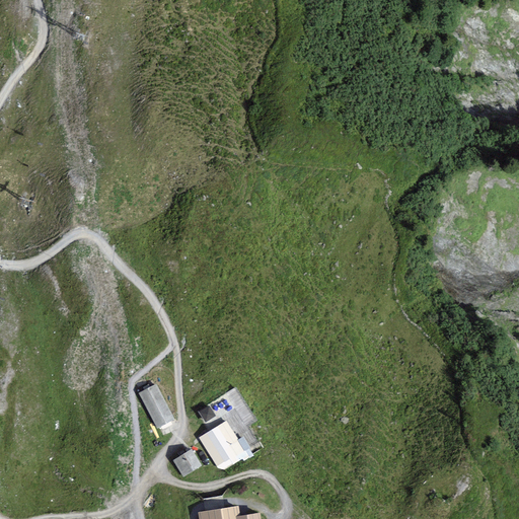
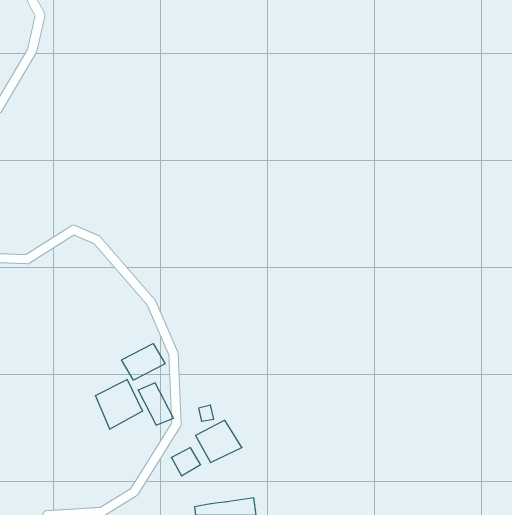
building: none -> [122,344,165,380]
building: none -> [96,379,142,429]

